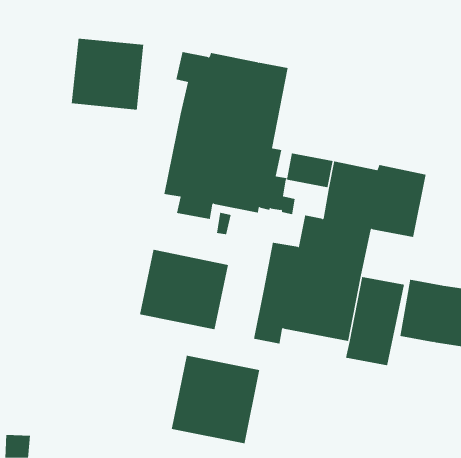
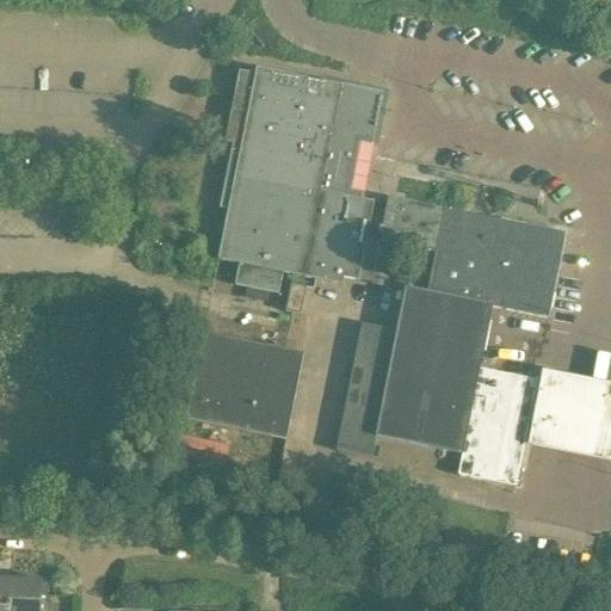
building: [71,38,144,110] -> none
building: [171,355,260,444] -> none

